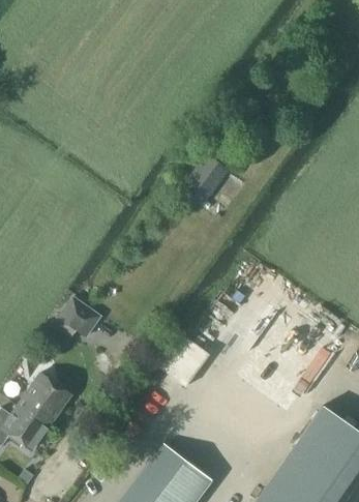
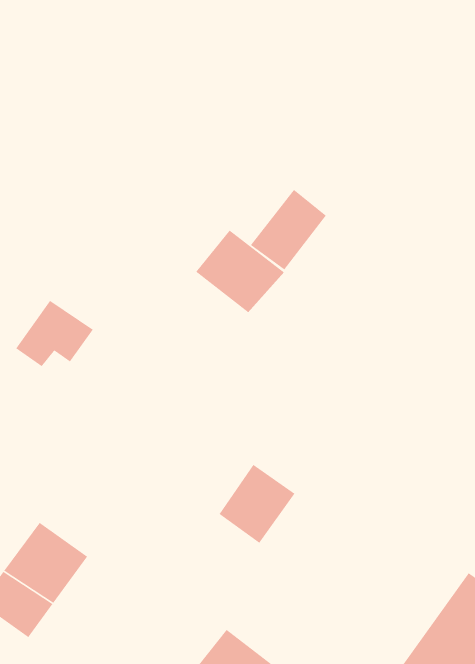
building: none -> [195,230,285,313]
building: [50,296,101,341] -> [15,300,94,367]

